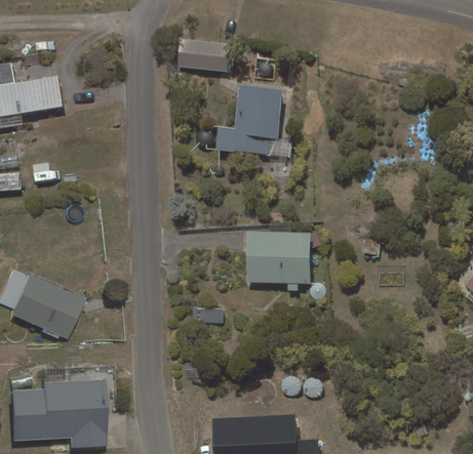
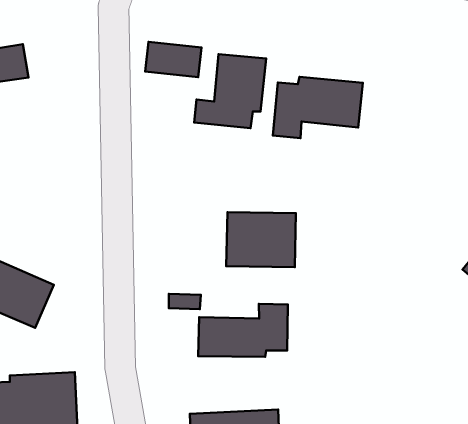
building: [176,39,229,72] -> [145,42,201,77]
building: none -> [273,77,363,138]
building: none -> [198,304,288,357]

